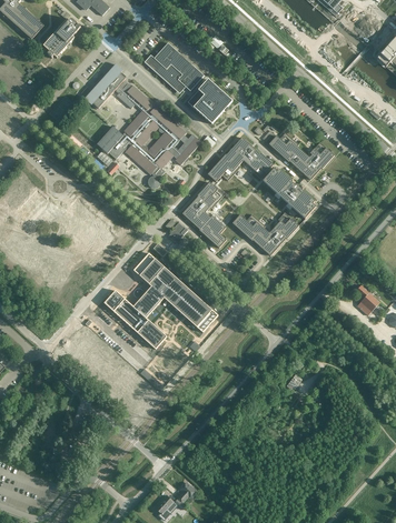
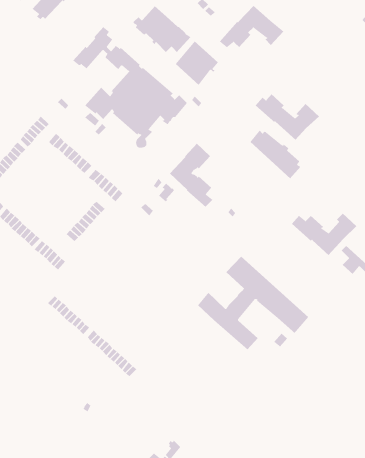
building: [207,137,273,180] -> [219,5,284,48]
building: [231,211,298,254] -> [291,213,357,256]
building: [103,252,217,348] -> [197,256,309,350]

